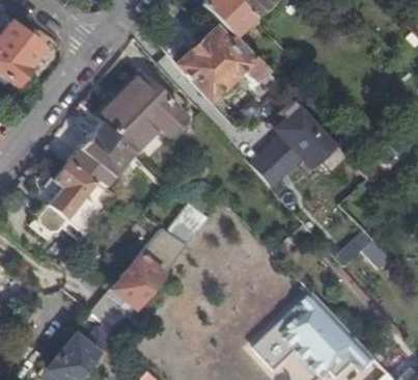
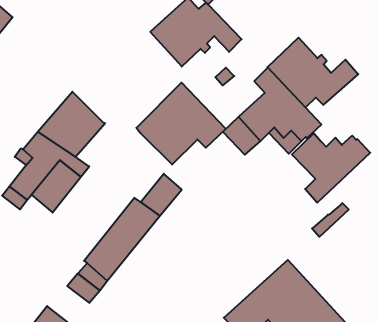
building: none -> [267,38,358,107]
building: [97,72,186,153] -> [136,83,226,165]
building: none -> [292,133,370,203]

